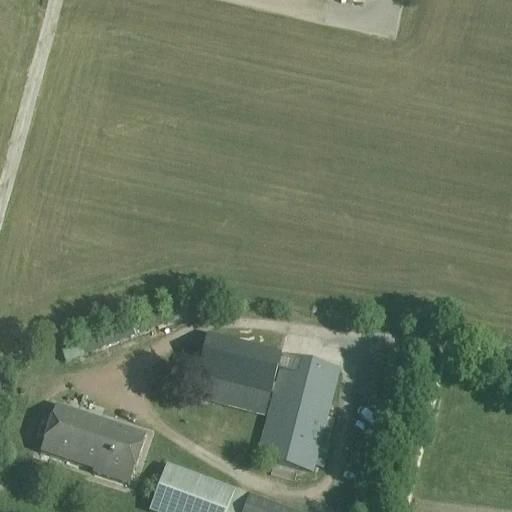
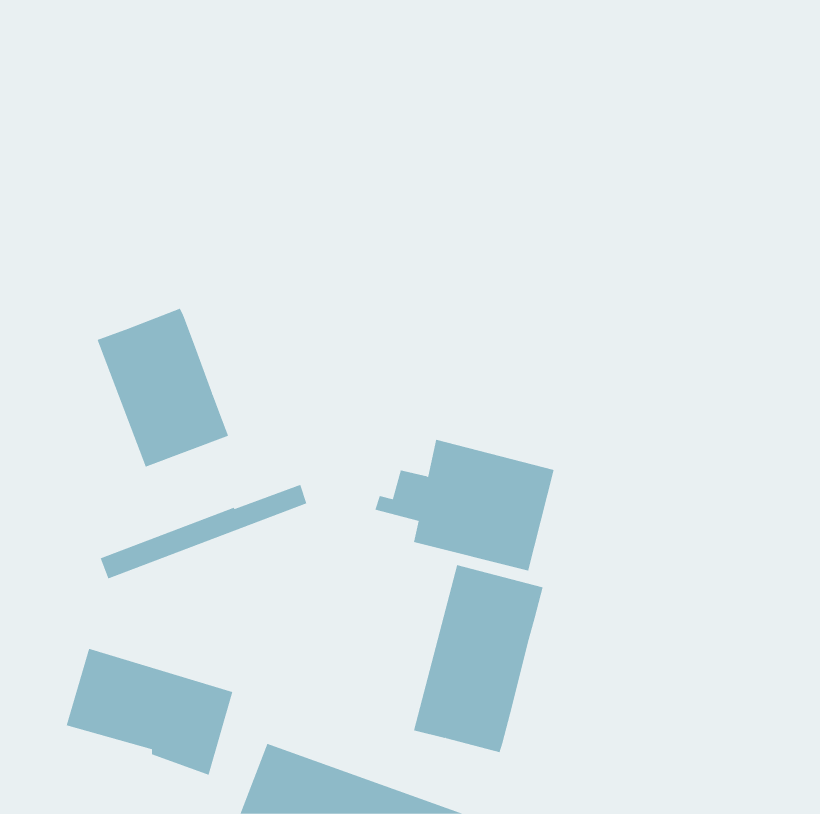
building: none -> [97,308,229,468]
building: [169,331,281,413] -> [374,439,555,571]

